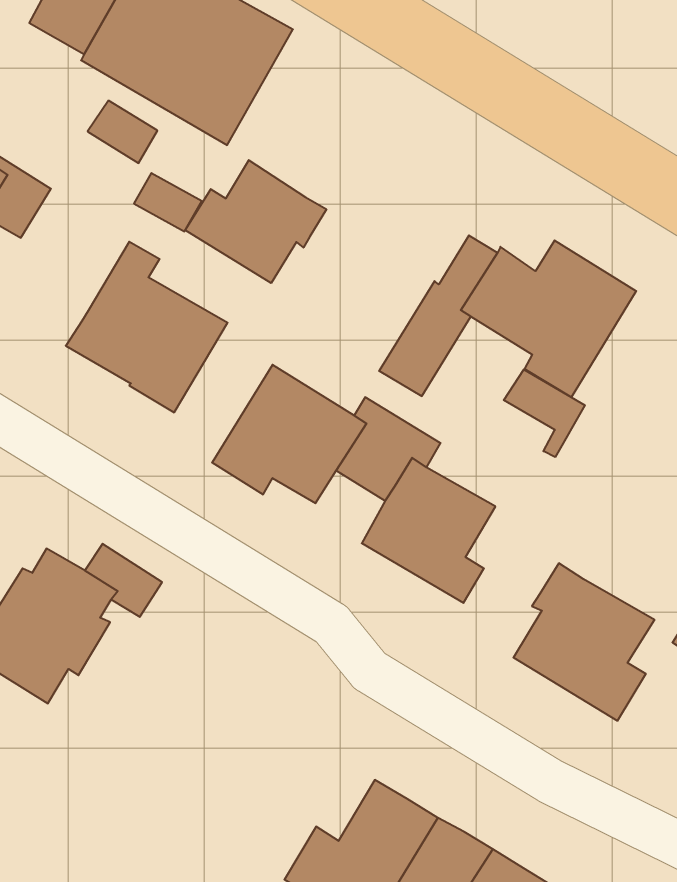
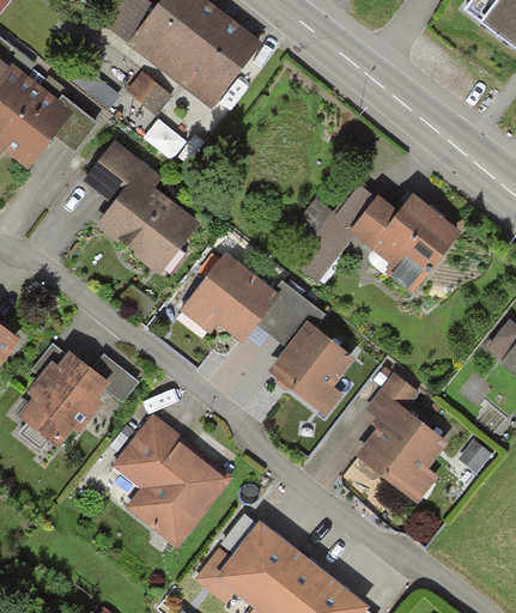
building: [185,160,326,283] -> none
building: none -> [83,140,144,204]
building: [504,369,585,457] -> none
building: none -> [365,371,420,417]
building: none -> [113,414,233,547]

